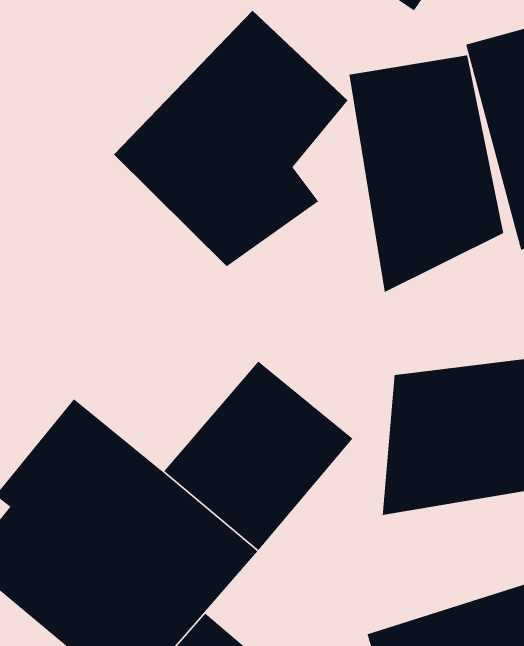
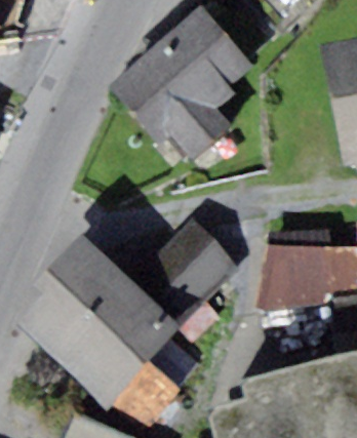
building: [348,54,504,293] -> none

